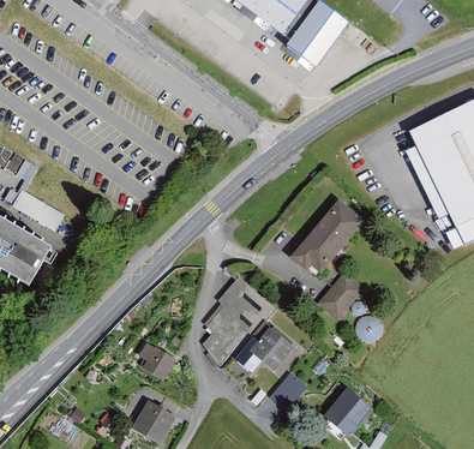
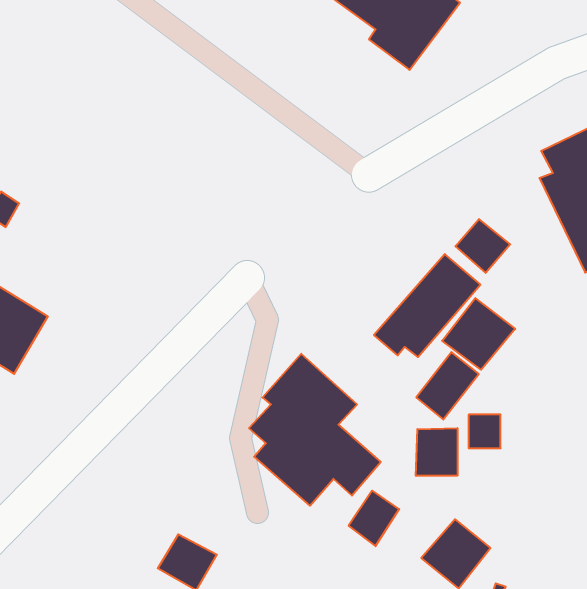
building: none -> [455,219,510,273]
building: none -> [442,298,515,370]
building: none -> [416,428,457,476]
building: [137,340,176,378] -> none

